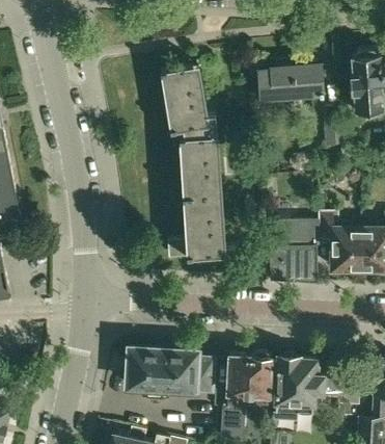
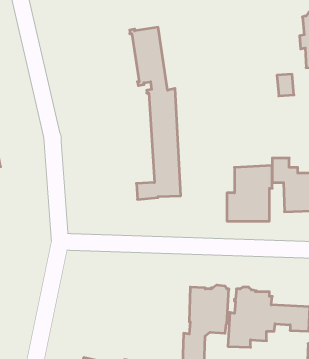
building: [256,64,325,114] -> none
building: [121,347,213,414] -> none

